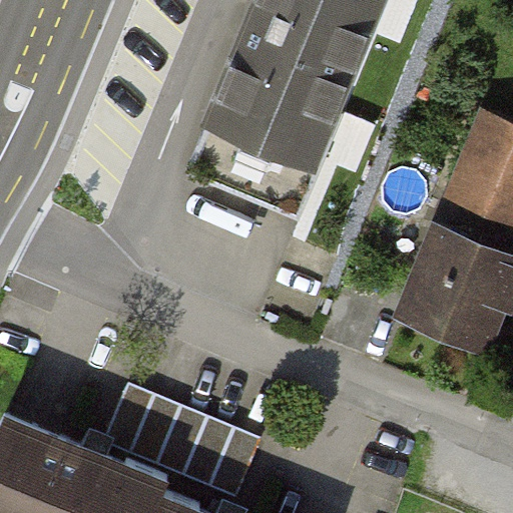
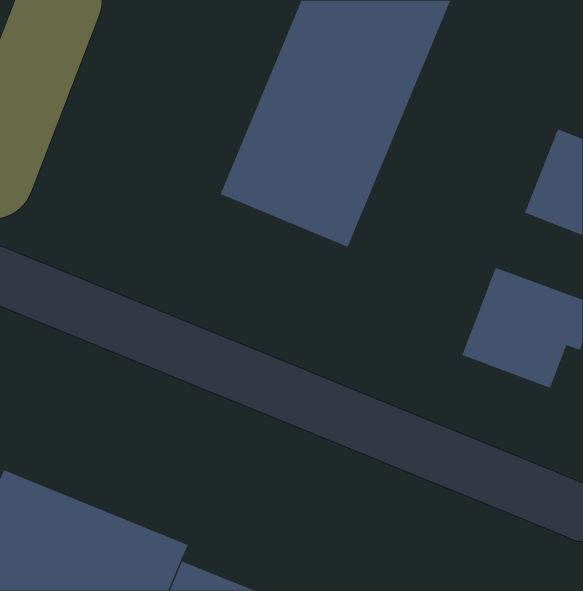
building: [98,387,253,495] -> none

